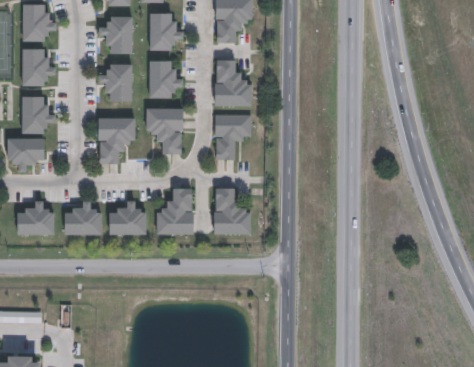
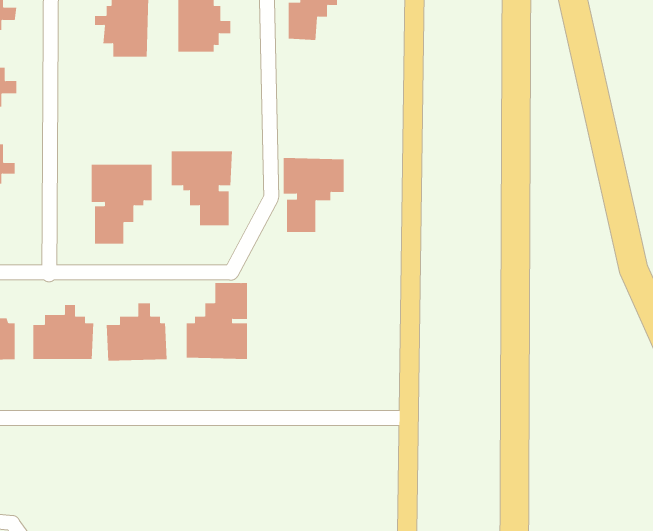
building: [215,59,251,105] -> none
building: [149,60,184,98] -> none
building: [97,64,133,101] -> none
building: [215,187,252,235] -> none

